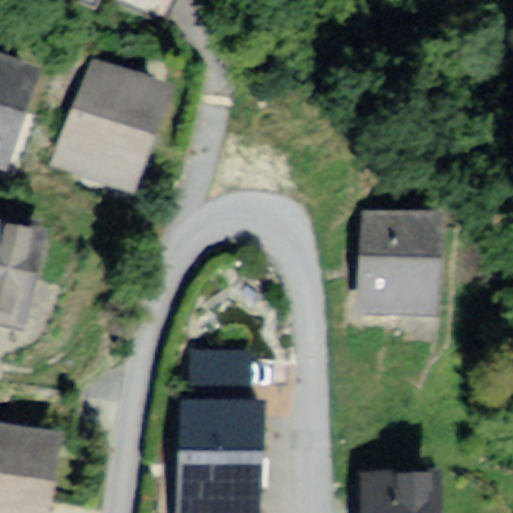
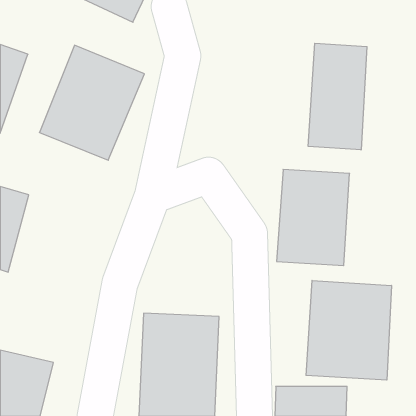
building: none -> [308,43,367,150]
building: none -> [306,280,391,380]

